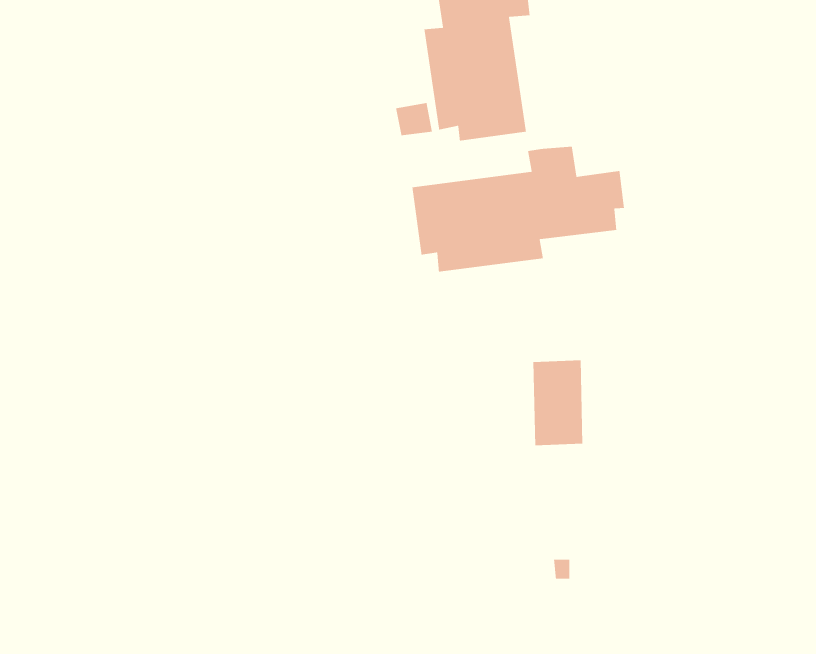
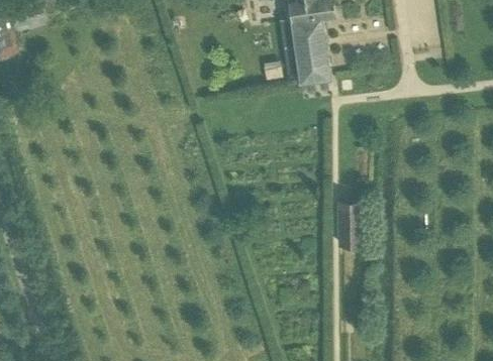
building: [411,146,625,273] -> none

